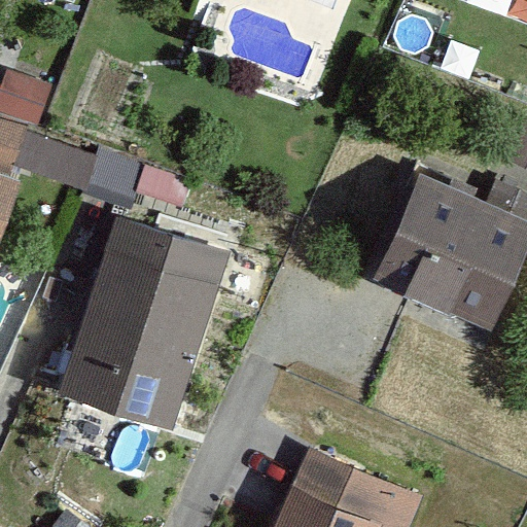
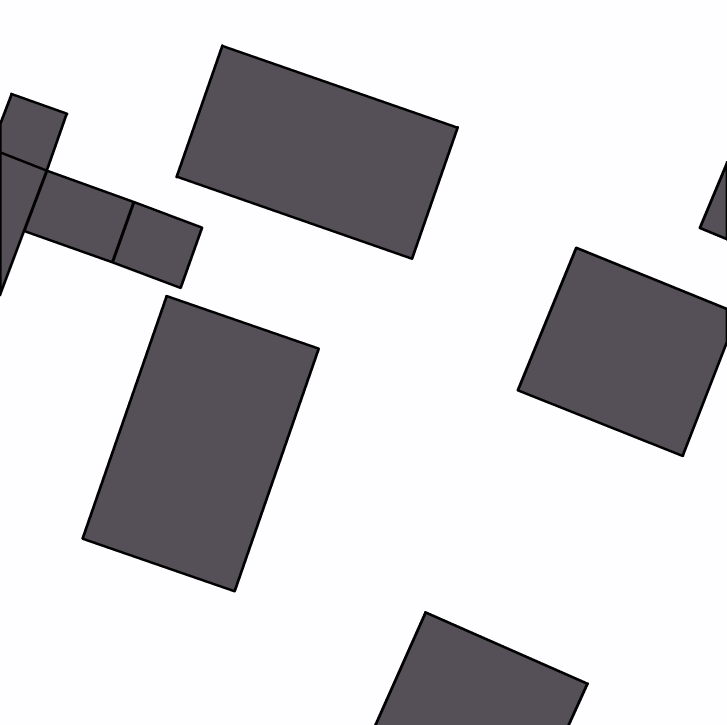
building: none -> [177,46,458,259]

